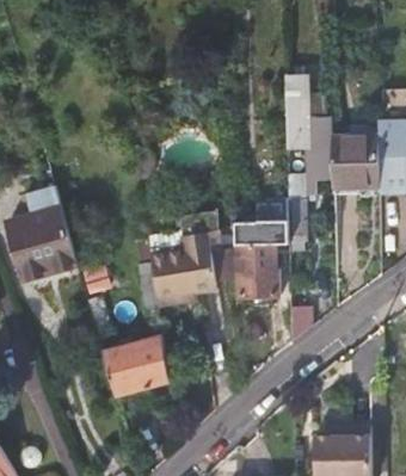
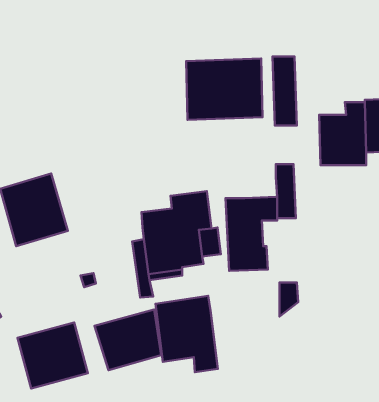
building: none -> [186,59,263,120]
building: none -> [155,296,218,372]
building: none -> [18,322,88,389]

